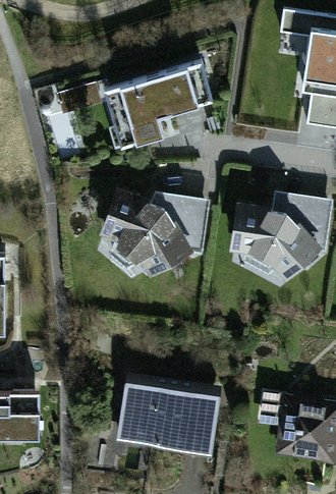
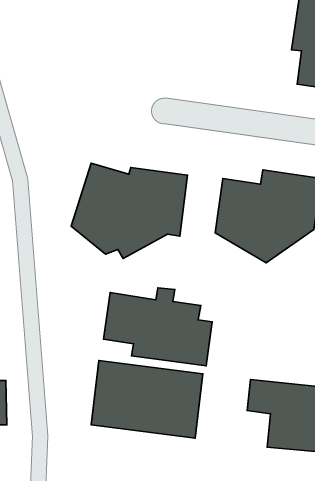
building: [107,60,213,143] -> none
building: none -> [104,288,212,366]

